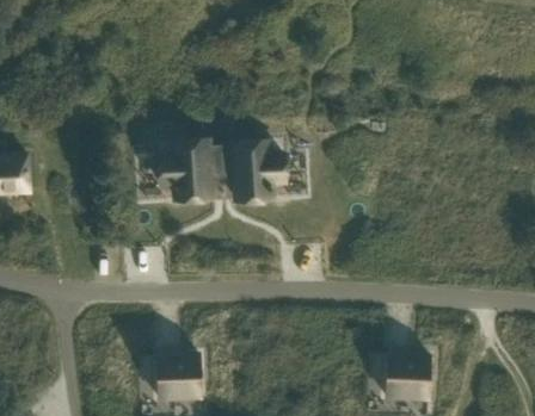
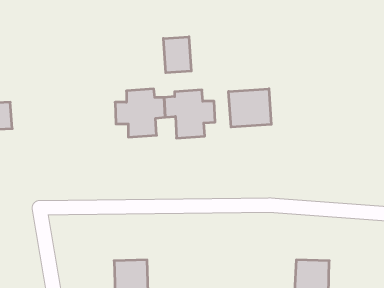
building: none -> [163,37,191,73]
building: none -> [229,89,271,127]

